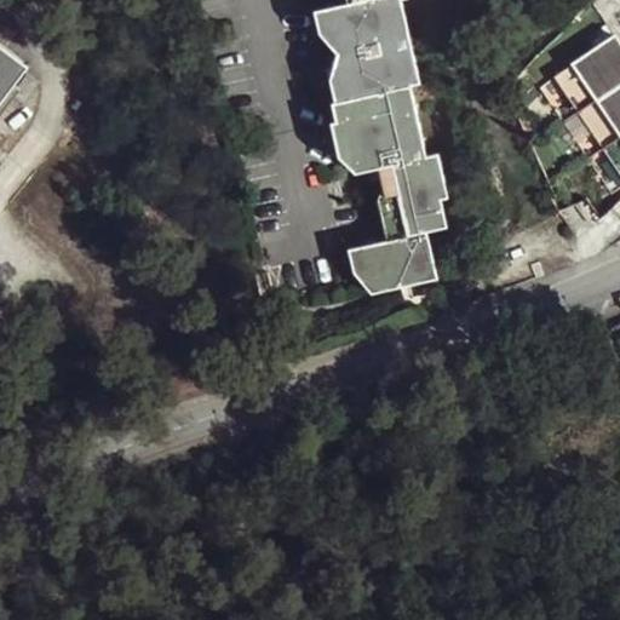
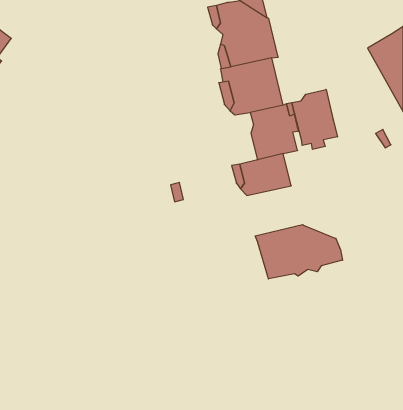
building: none -> [292,89,337,149]
building: none -> [255,225,343,279]

